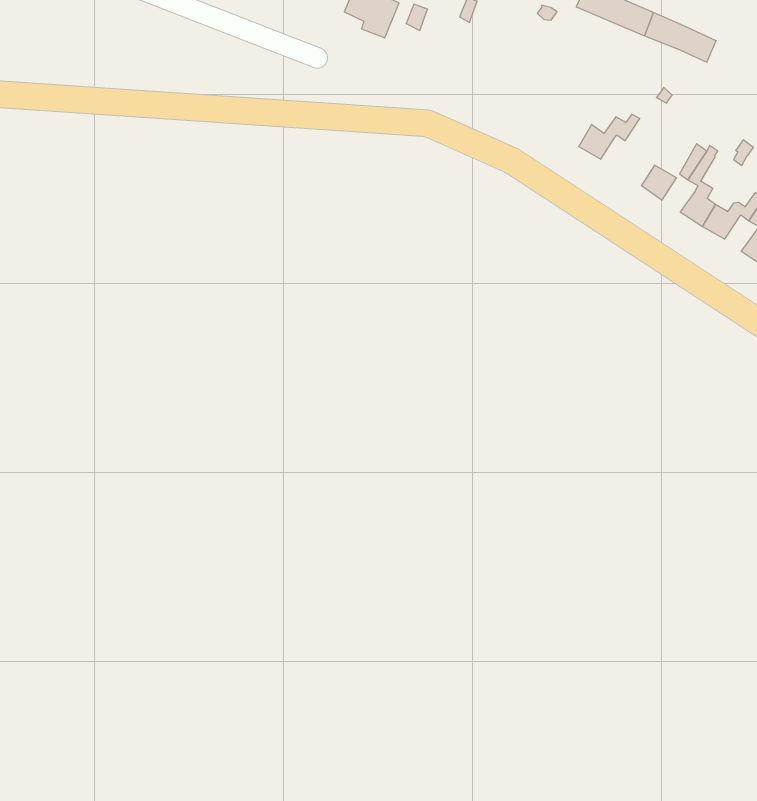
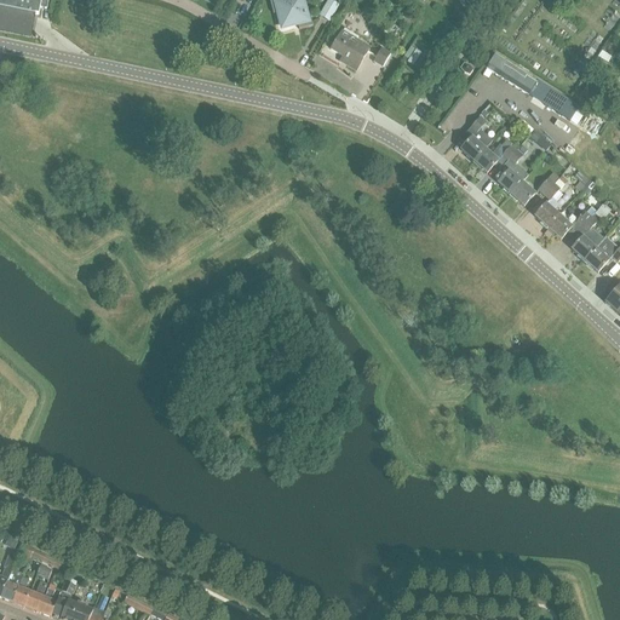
building: none -> [458,115,490,160]
building: none -> [496,148,527,193]

